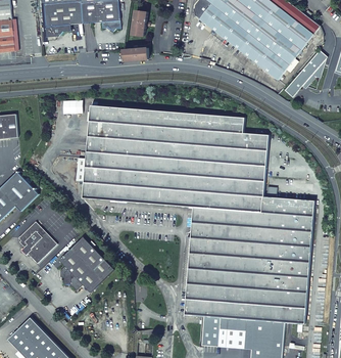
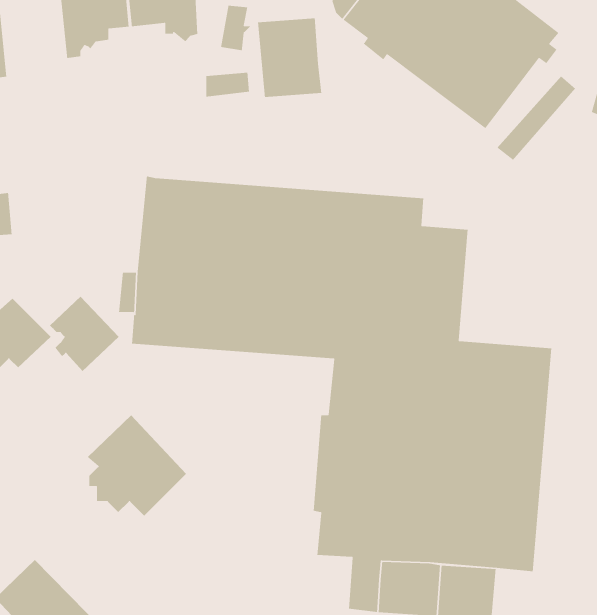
building: none -> [257,17,322,98]
building: [17,221,56,263] -> [49,296,119,372]

